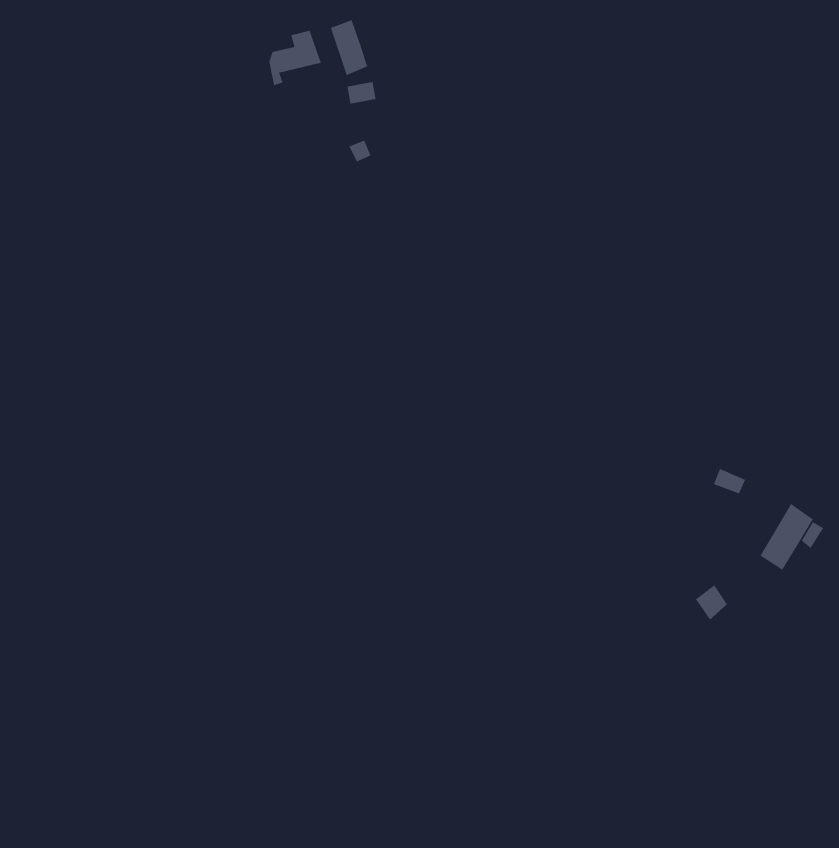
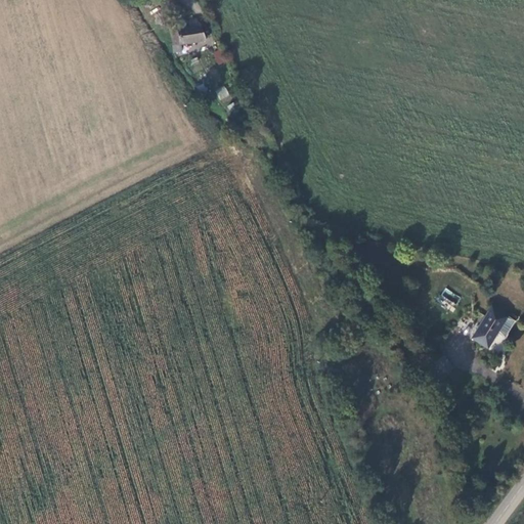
building: [330,19,369,76] -> none

